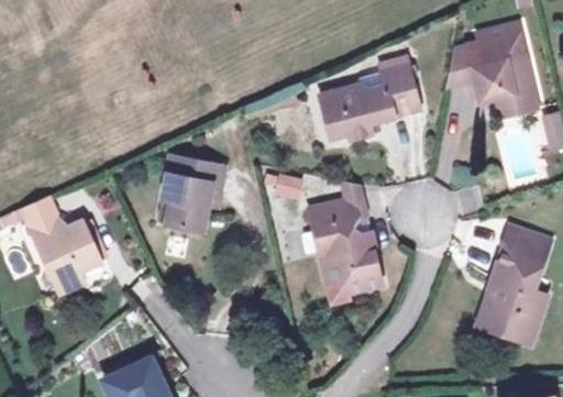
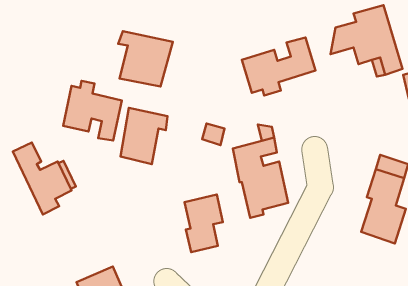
building: none -> [118,31,173,87]
building: none -> [63,81,122,140]
building: none -> [184,194,223,252]

